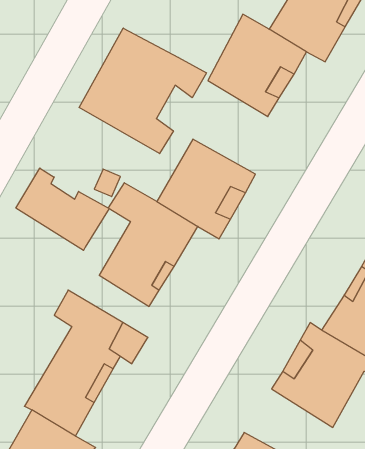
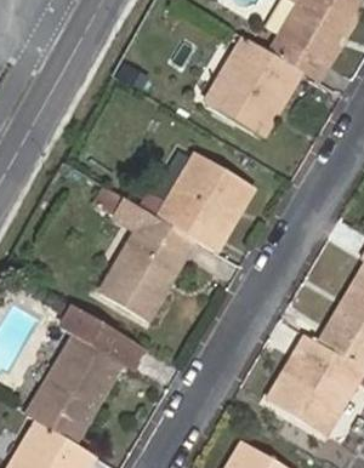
building: [79,28,206,154] -> none
building: [16,168,109,250] -> none

